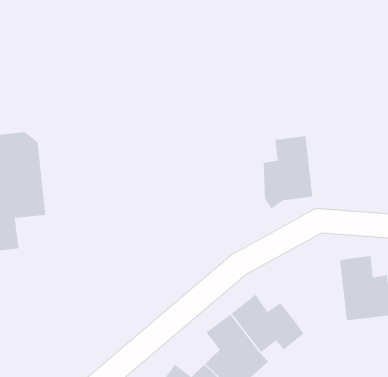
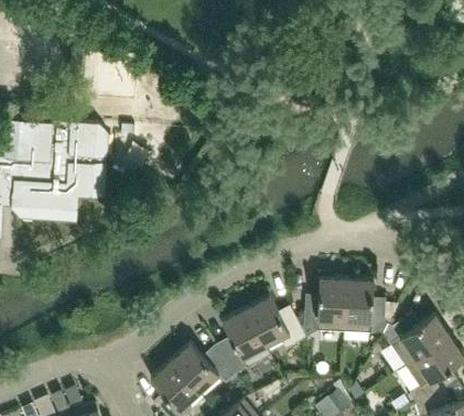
building: [263,136,313,209] -> [300,277,345,336]

